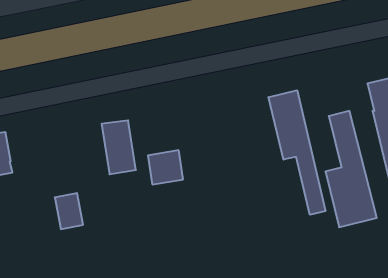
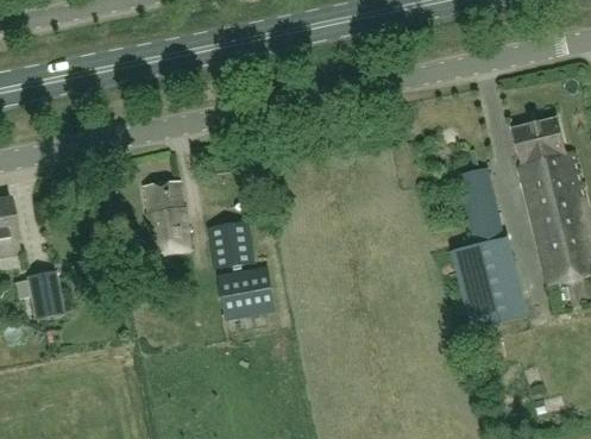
building: [269,90,325,215] -> none
building: none -> [219,266,274,319]
building: [55,193,83,229] -> [25,270,64,320]

